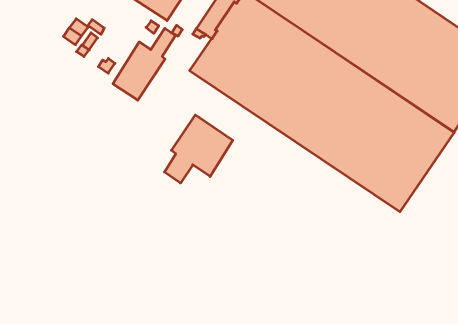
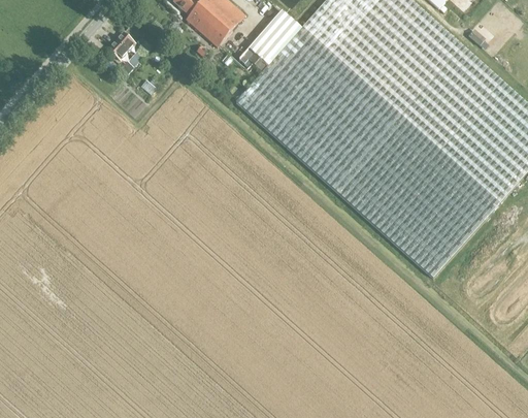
building: [113,28,175,100] -> none
building: [164,115,233,183] -> none

